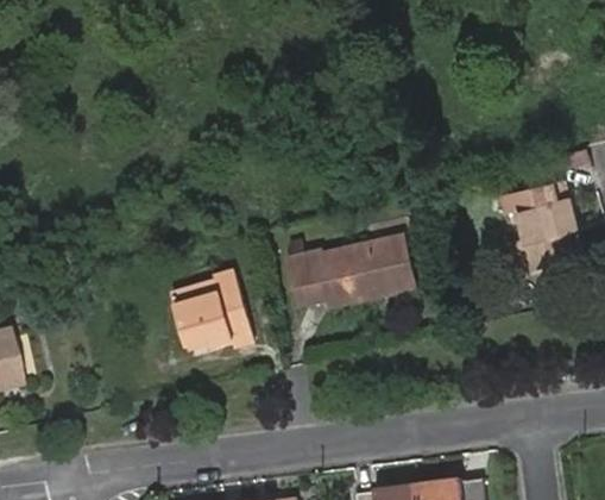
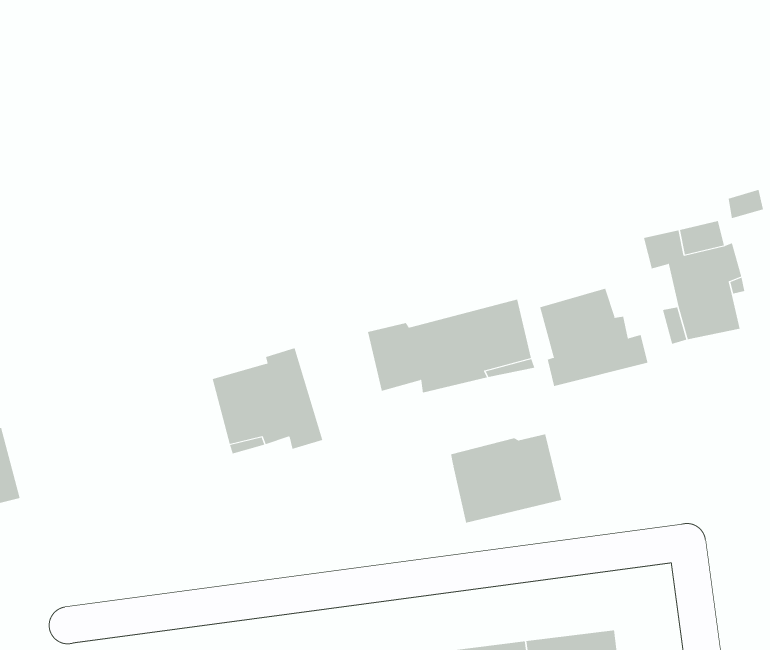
building: none -> [540,288,648,387]
building: none -> [450,434,562,523]

